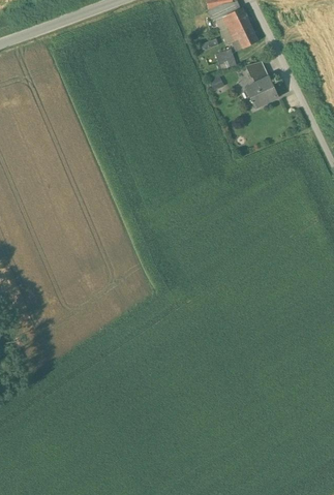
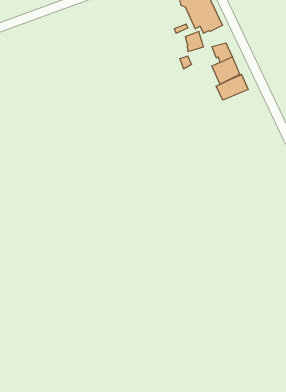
building: none -> [216,74,248,100]

